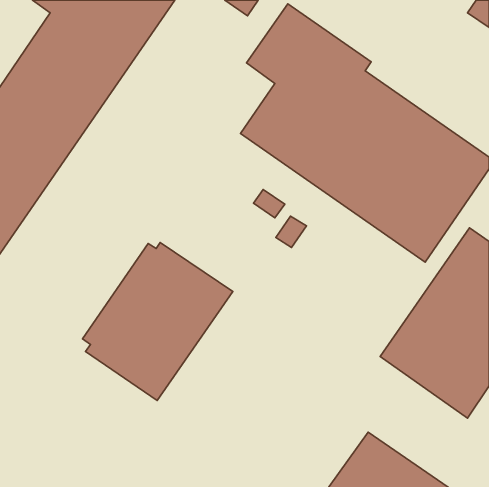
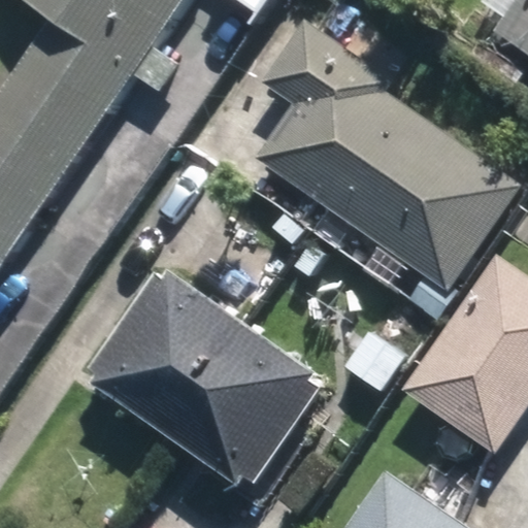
building: none -> [165,322,323,488]

